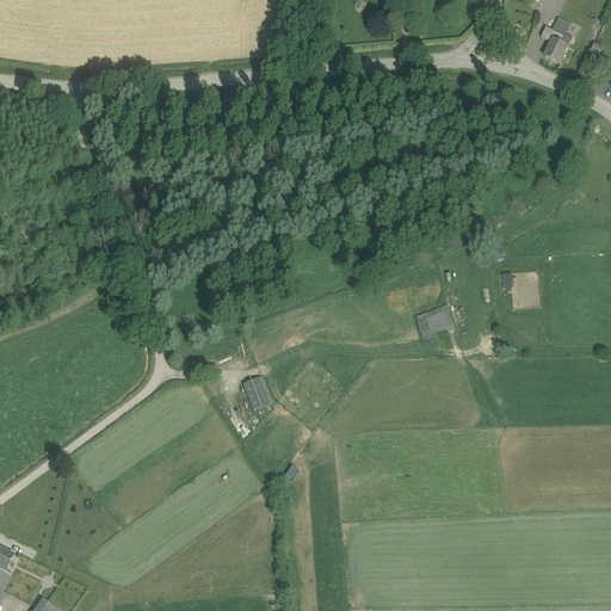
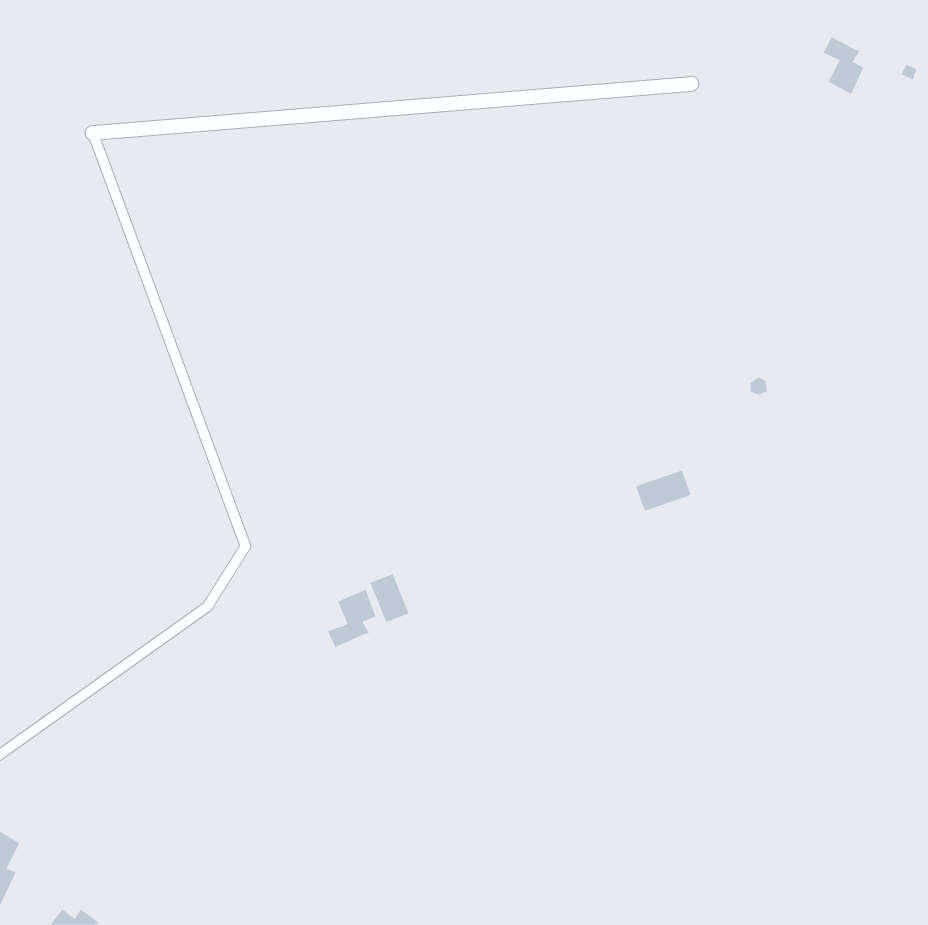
building: none -> [327,589,376,648]

